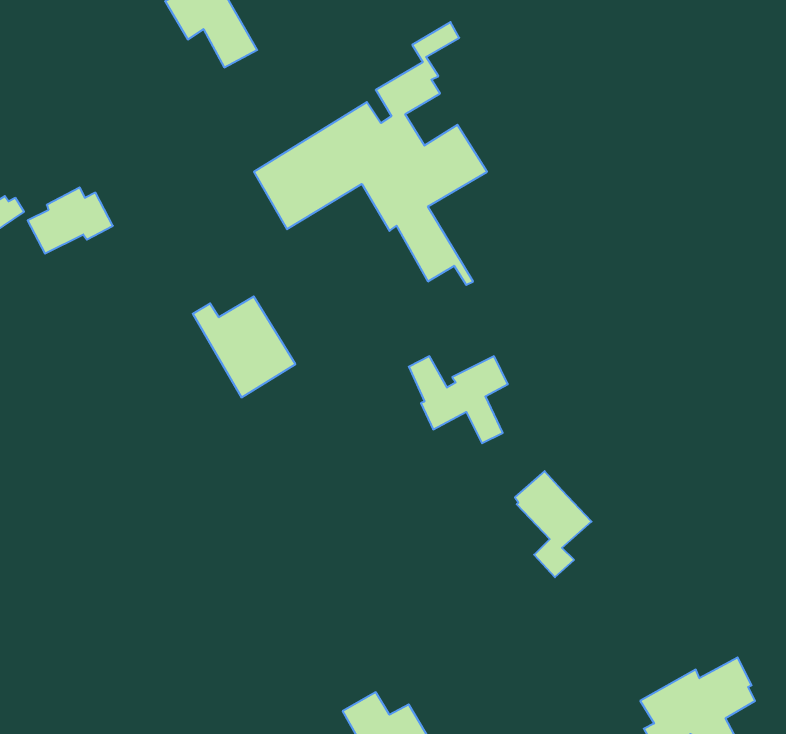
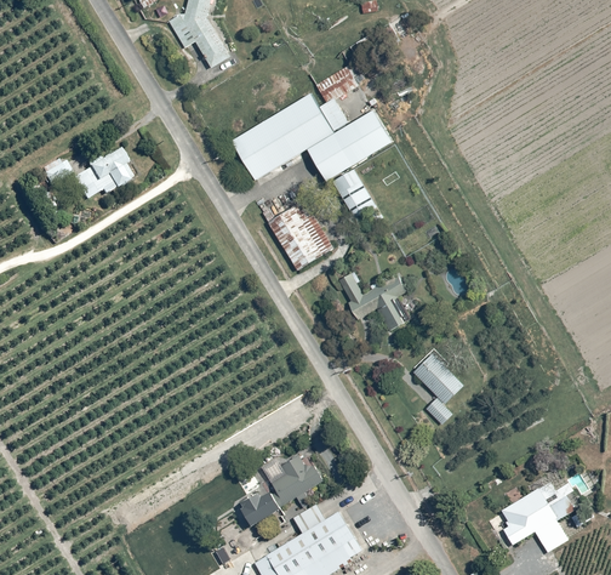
building: [193,296,295,397] -> [262,199,333,269]
building: none -> [239,454,322,528]

